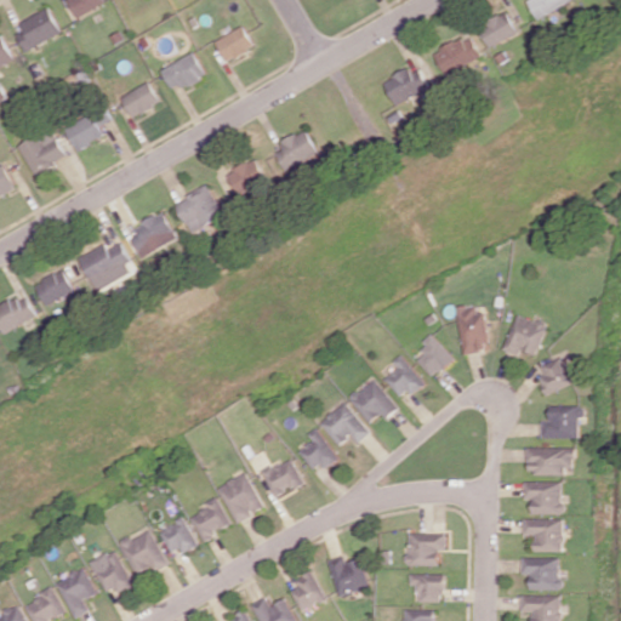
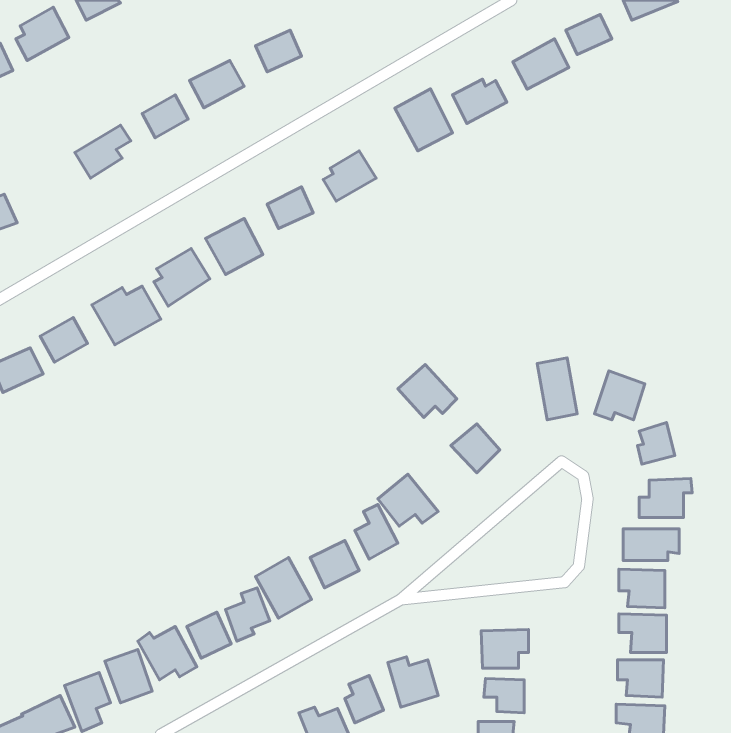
building: none -> [395,89,452,151]
building: [18,129,67,176] -> none
building: [415,334,452,378] -> none
building: [348,378,398,423] -> [398,364,457,418]

